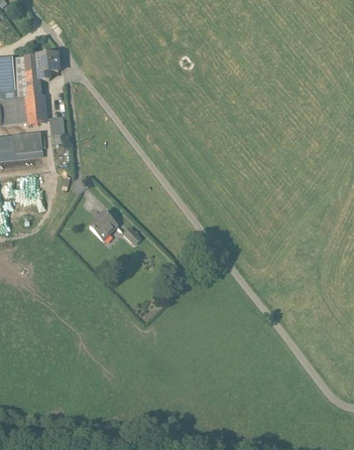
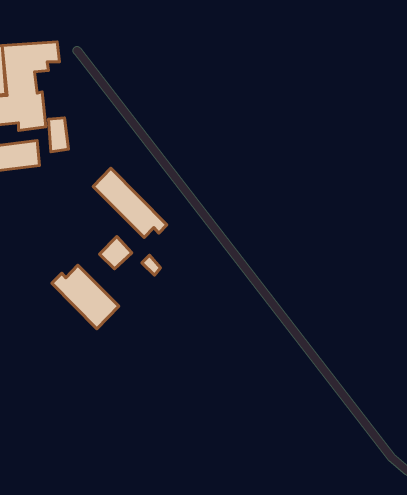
building: none -> [93,168,167,238]
building: none -> [52,265,119,329]

